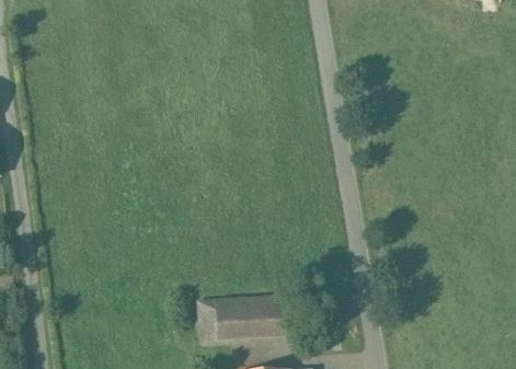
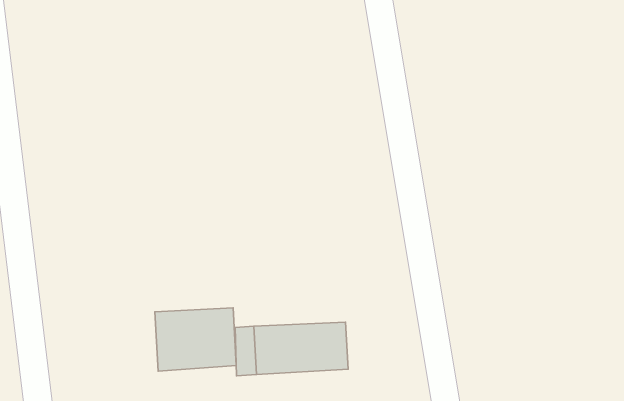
building: none -> [155,308,236,371]

